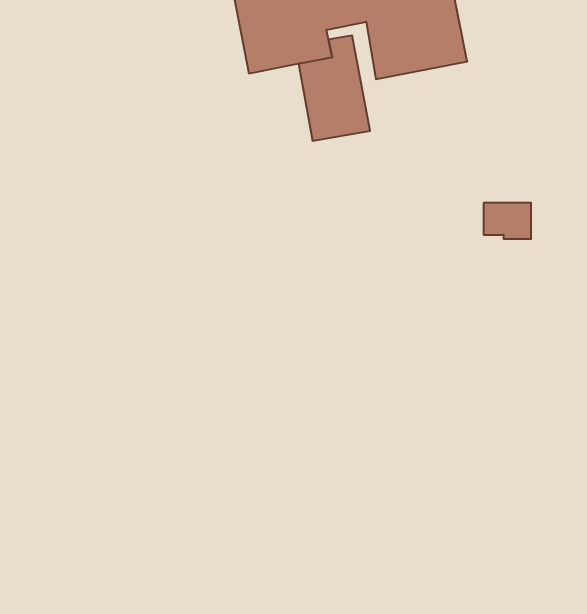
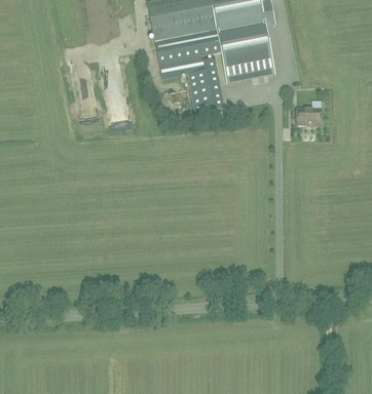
building: [484,203,531,239] -> [295,106,320,124]

